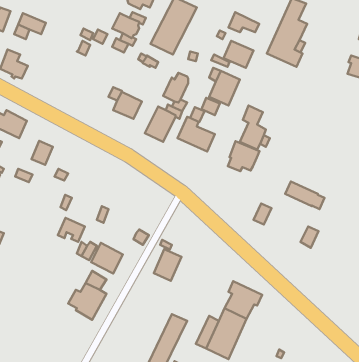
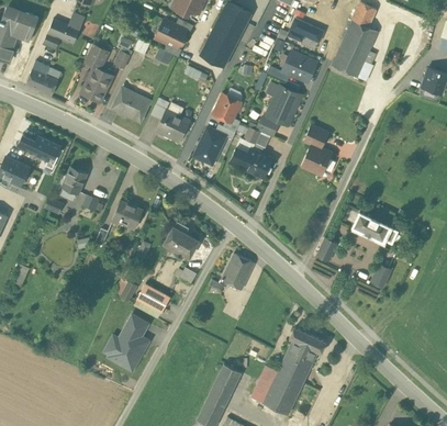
building: none -> [80,44,113,102]
building: none -> [112,88,149,121]
building: [228,141,259,171] -> none
building: none -> [164,221,199,258]
building: [58,218,85,242] -> [112,200,143,227]
building: [154,249,182,281] -> [222,253,254,289]

